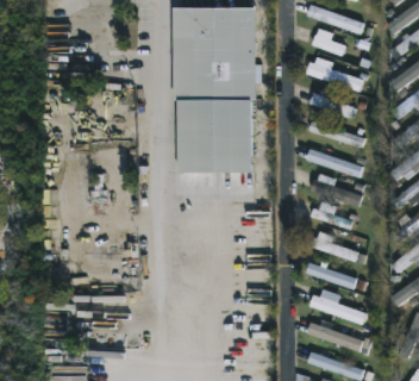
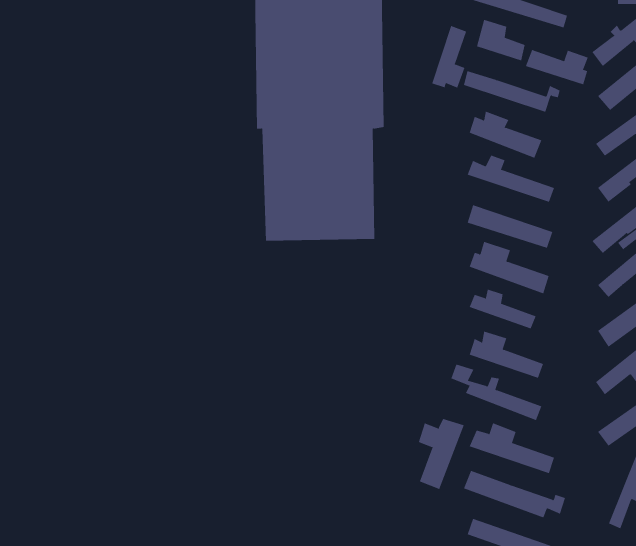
building: none -> [431,25,467,88]
building: none -> [525,49,588,85]
building: none -> [418,418,464,490]

